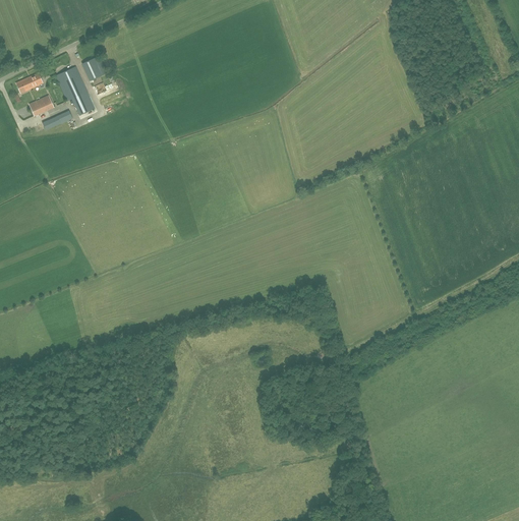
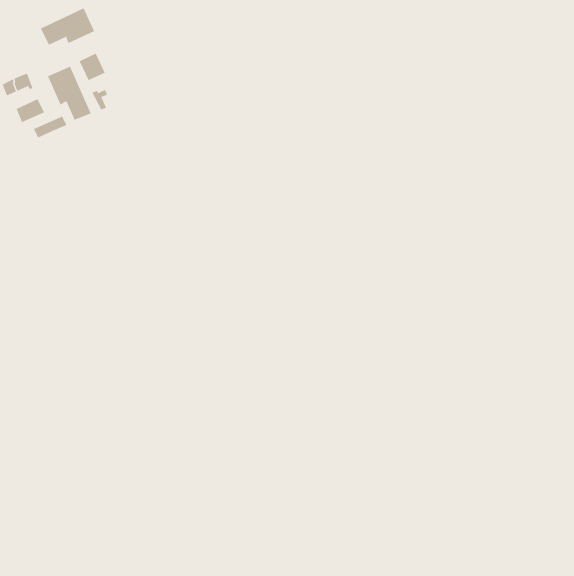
building: none -> [40,8,95,45]

